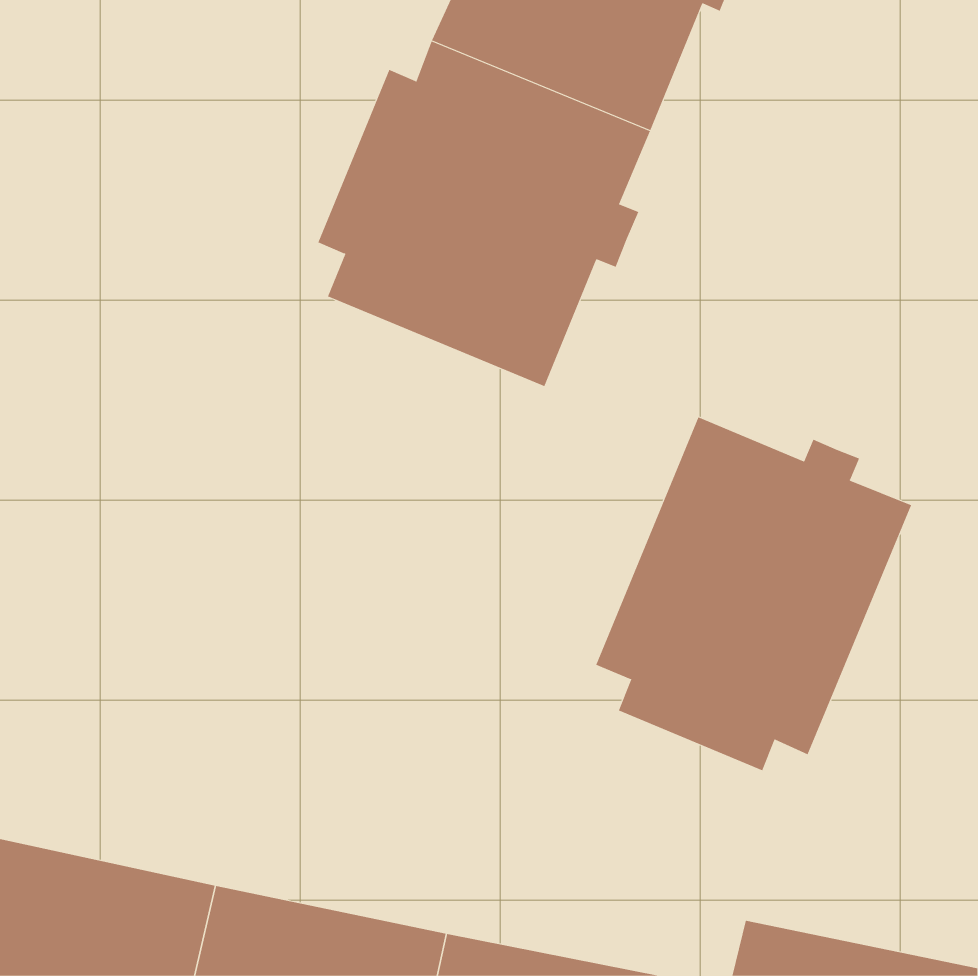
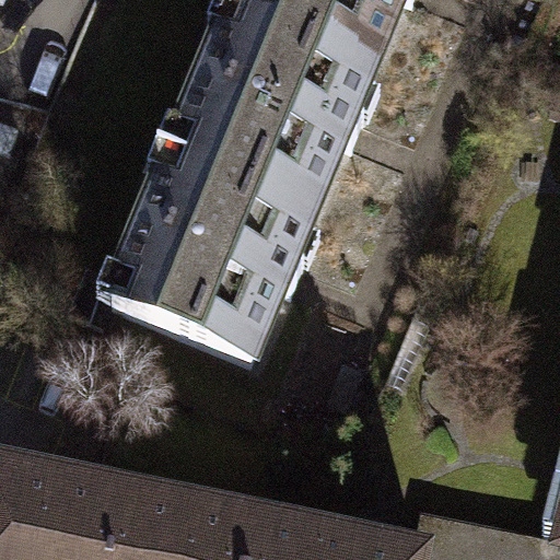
building: none -> [120,168,310,366]
building: [595,416,912,771] -> none

